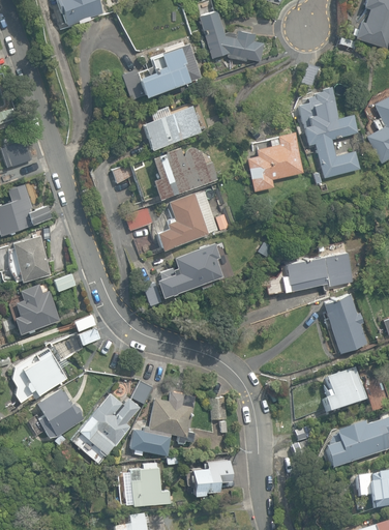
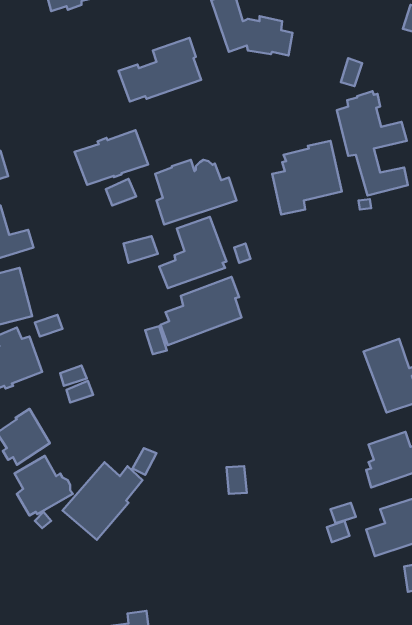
building: [142,106,202,150] -> [75,130,148,185]
building: [264,254,352,295] -> none
building: [129,396,193,455] -> none
building: [185,455,231,498] -> none
building: [129,463,169,505] -> none

